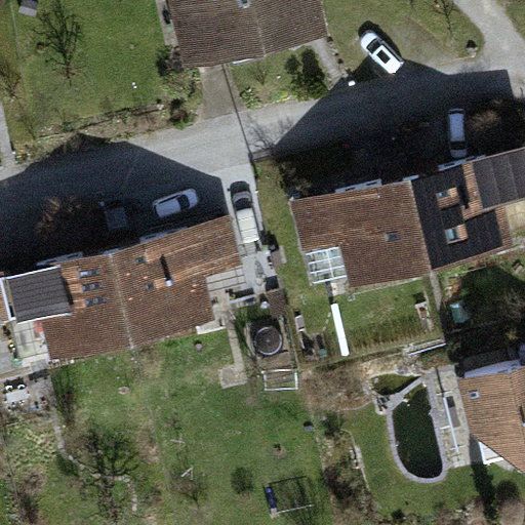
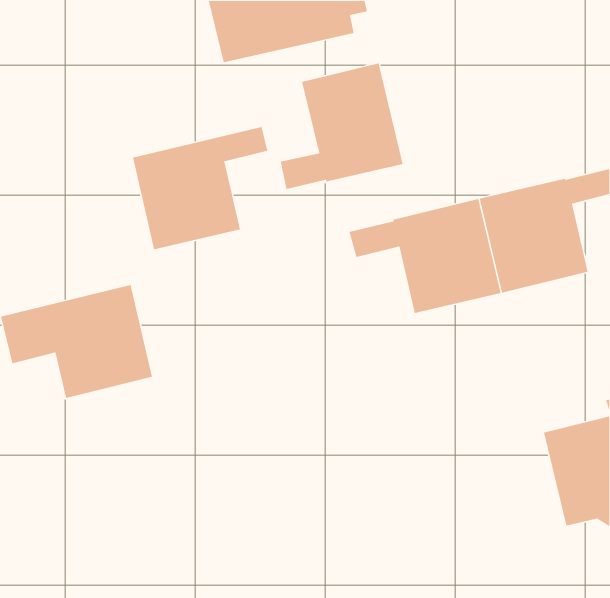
building: none -> [280,63,403,190]
building: [113,228,230,334] -> [132,126,268,250]

